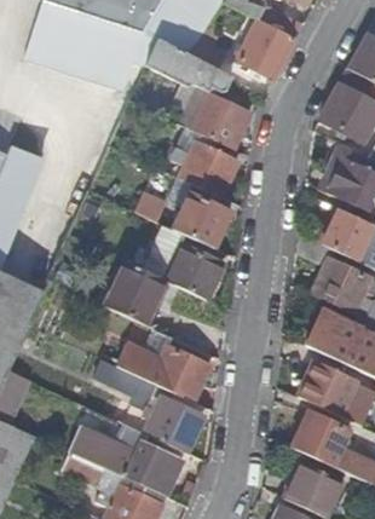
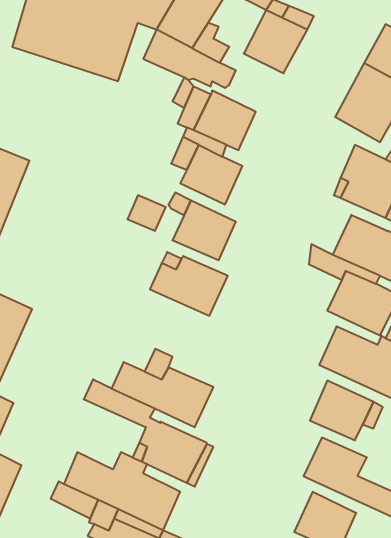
building: [105,263,166,325] -> none

